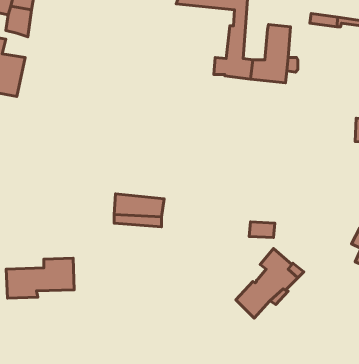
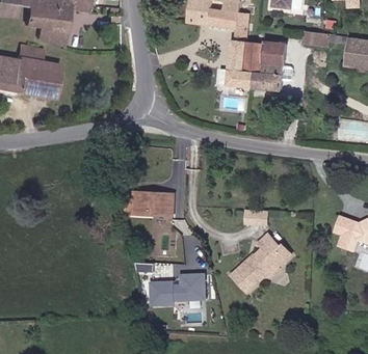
building: none -> [244,42,265,70]
building: [6,258,74,298] -> [147,274,205,308]

